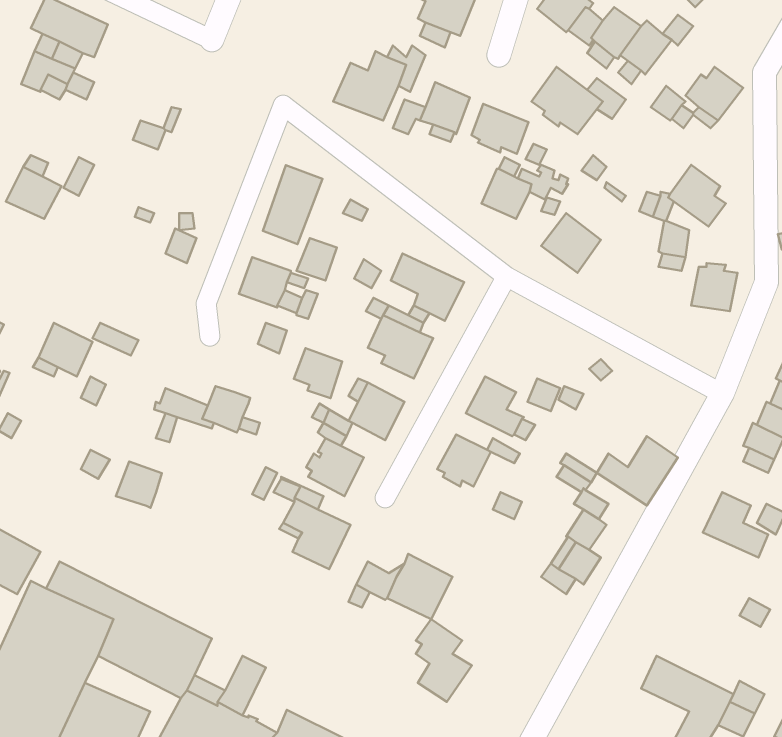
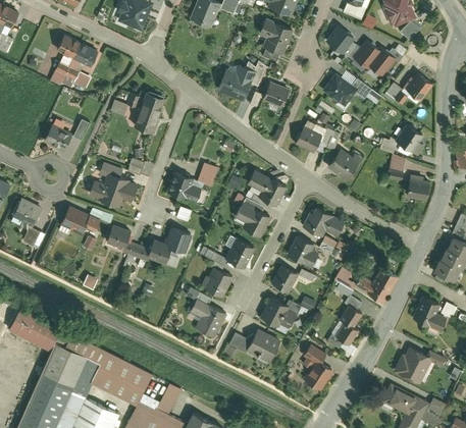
building: [471,104,528,154] -> none
building: [263,165,323,244] -> [134,91,165,132]
building: none -> [88,161,138,208]
building: none -> [302,207,346,238]
building: [294,348,342,398] -> [164,227,190,254]
building: [116,462,162,508] -> [106,225,131,250]
building: none -> [260,298,295,330]
building: none -> [394,346,431,384]
building: [416,619,472,702] -> [302,345,331,389]

